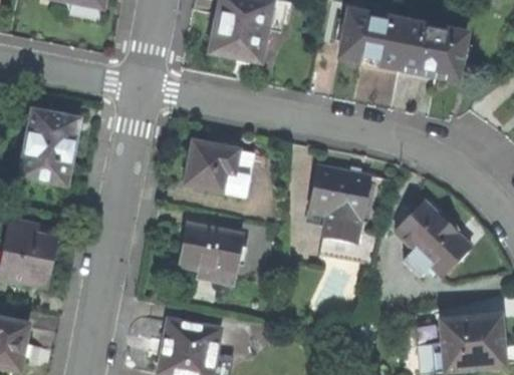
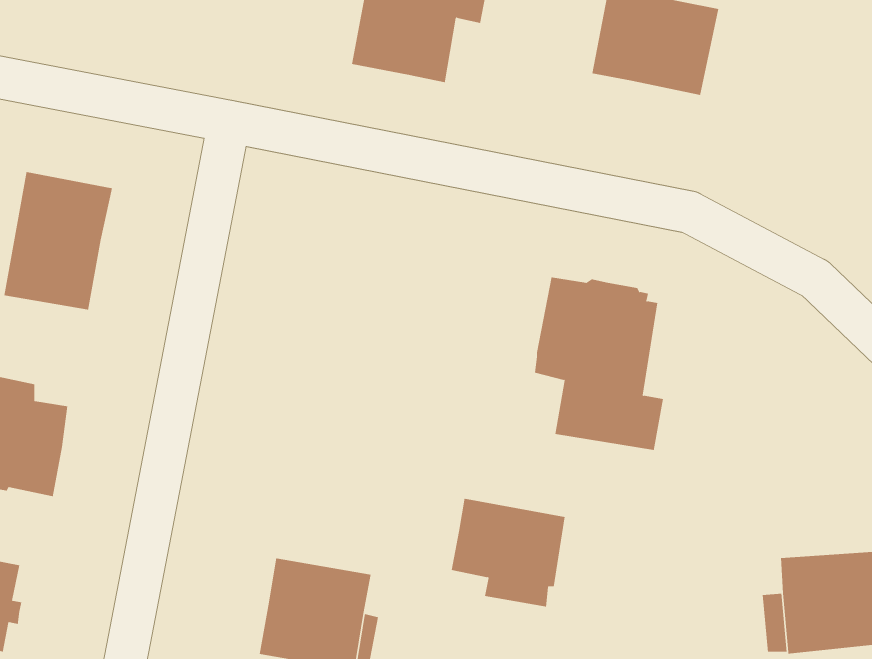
building: [399,21,467,79] -> none
building: [182,140,240,194] -> none
building: [396,200,470,276] -> none
building: [180,225,242,284] -> [451,498,565,607]

